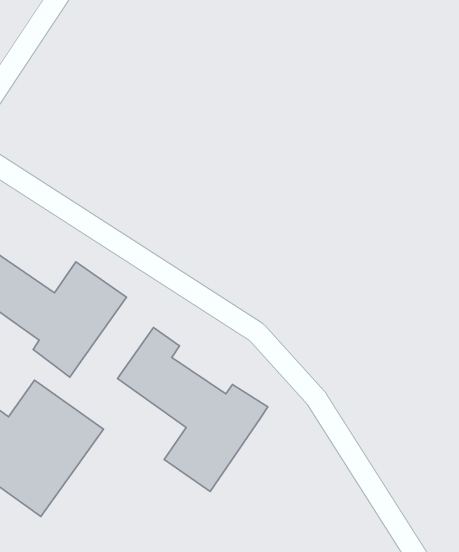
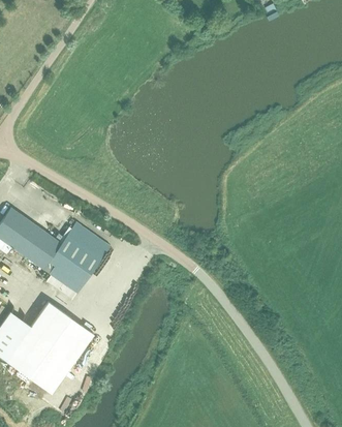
building: [118,327,268,492] -> none

